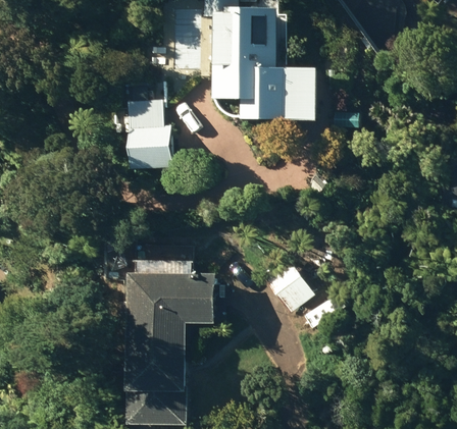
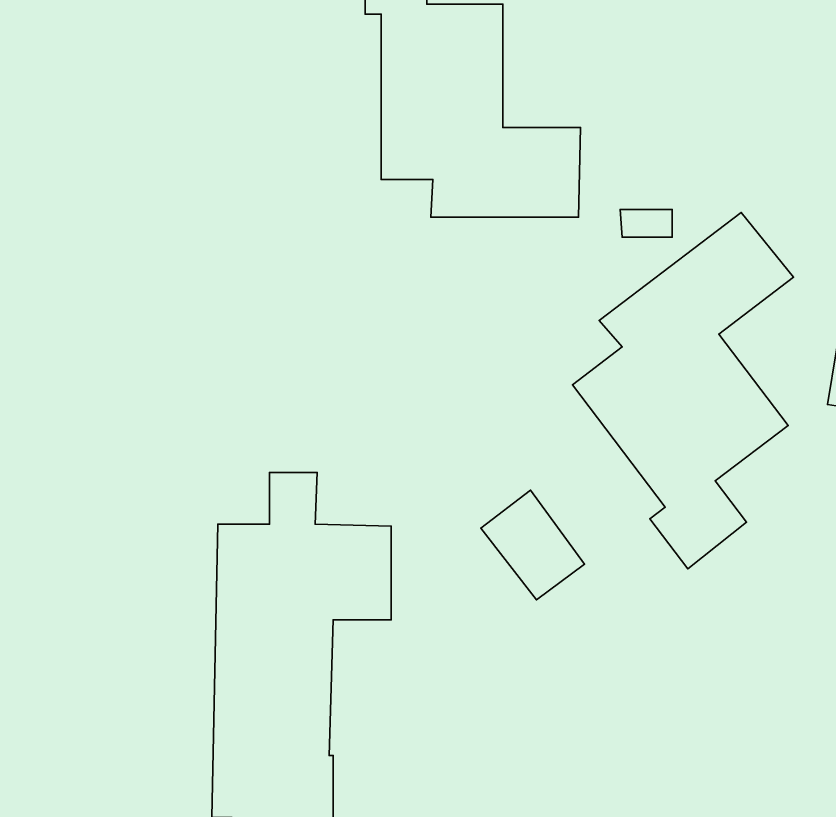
building: [129,84,172,167] -> none
building: none -> [572,212,794,569]

